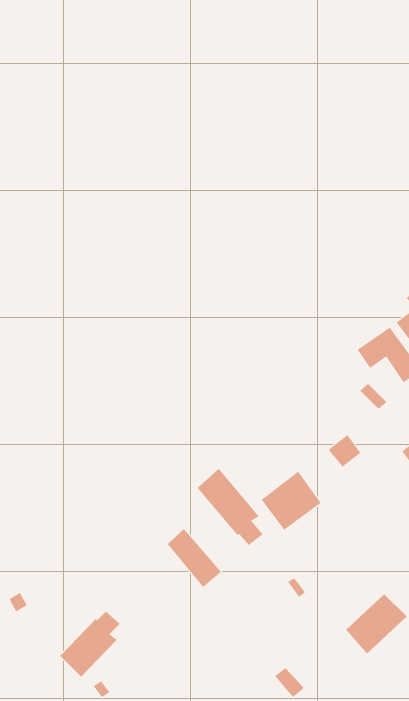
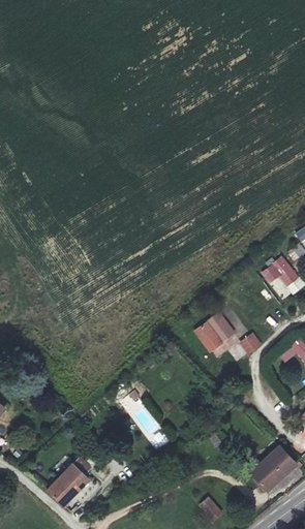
building: [197,468,264,546] -> none
building: [261,471,322,530] -> [193,312,237,354]

